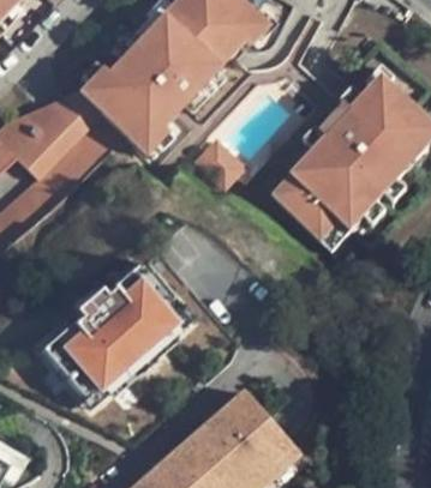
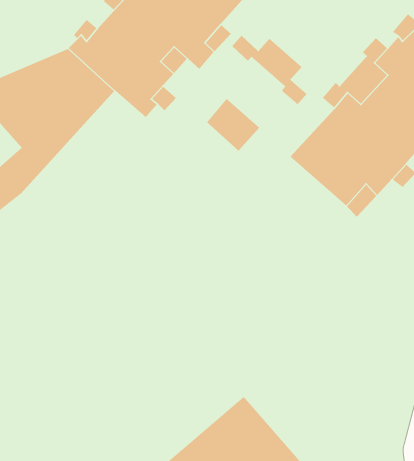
building: none -> [231,35,308,105]
building: [41,264,181,398] -> none

